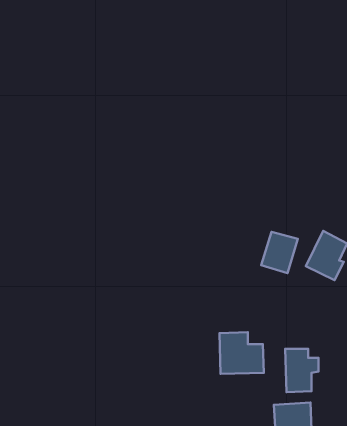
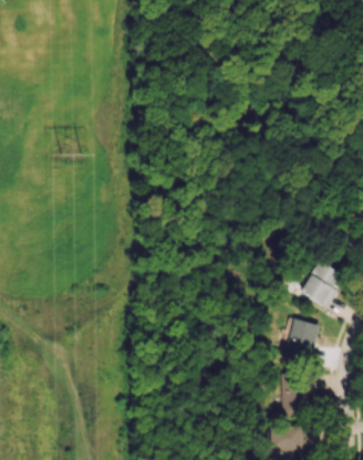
building: [261,232,298,273] -> [284,320,320,359]
building: [219,332,264,374] -> none

